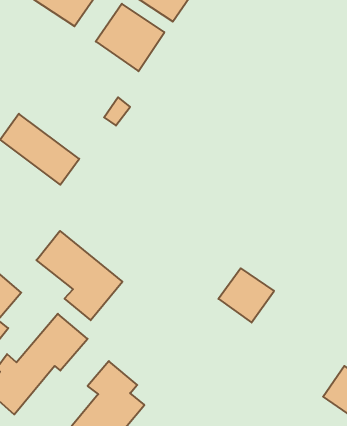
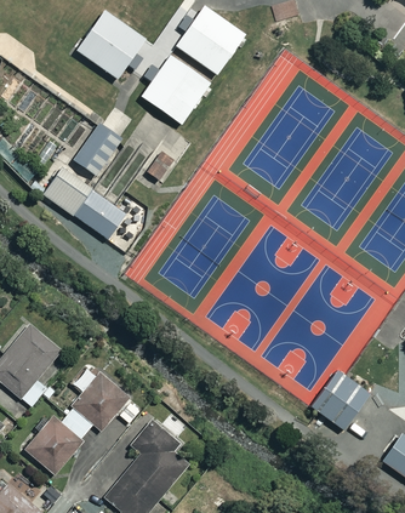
building: none -> [75,125,124,177]
building: [36,231,122,320] -> none
building: [218,268,274,323] -> [313,371,370,427]

